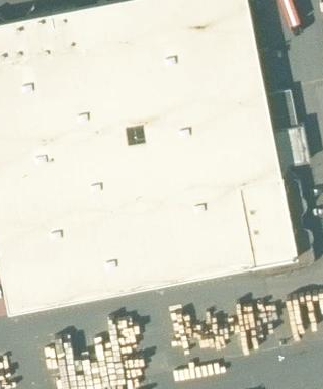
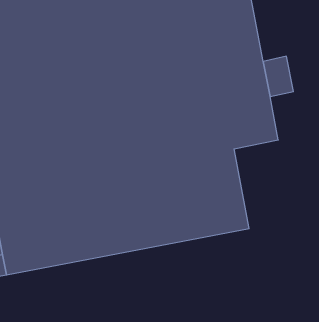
building: [237,176,314,281] -> none

